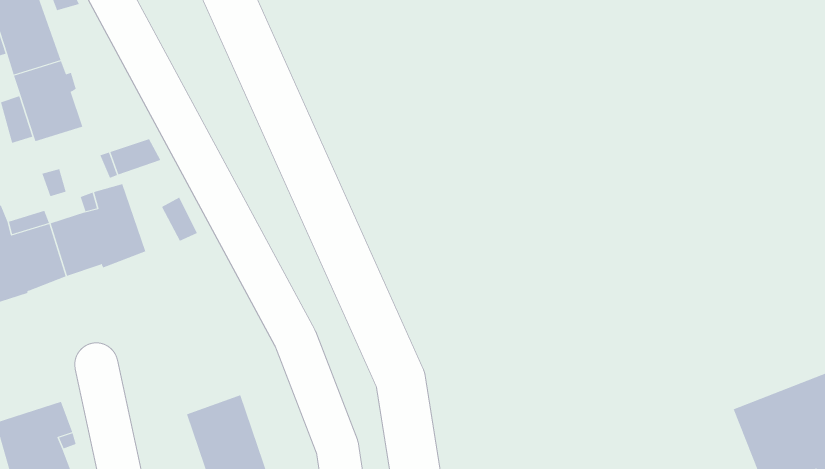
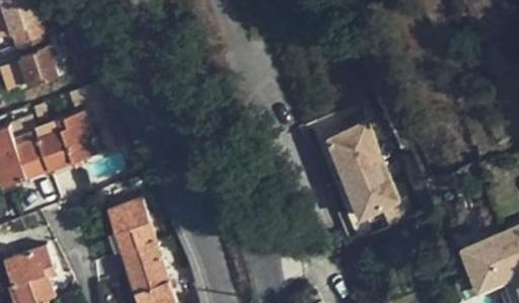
building: none -> [326,125,397,227]
building: none -> [106,200,154,254]

